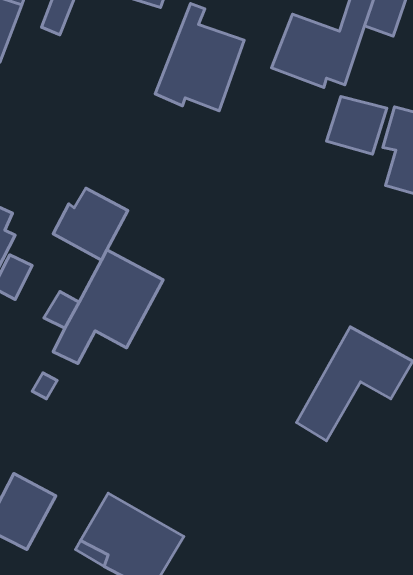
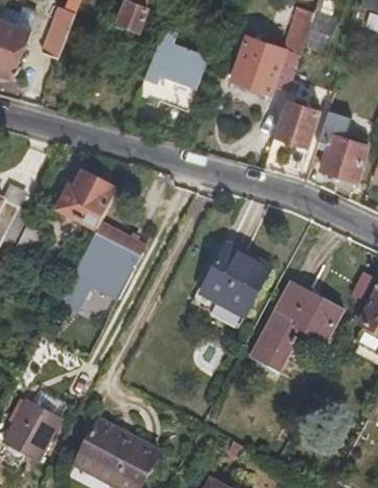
building: none -> [197,245,268,318]

